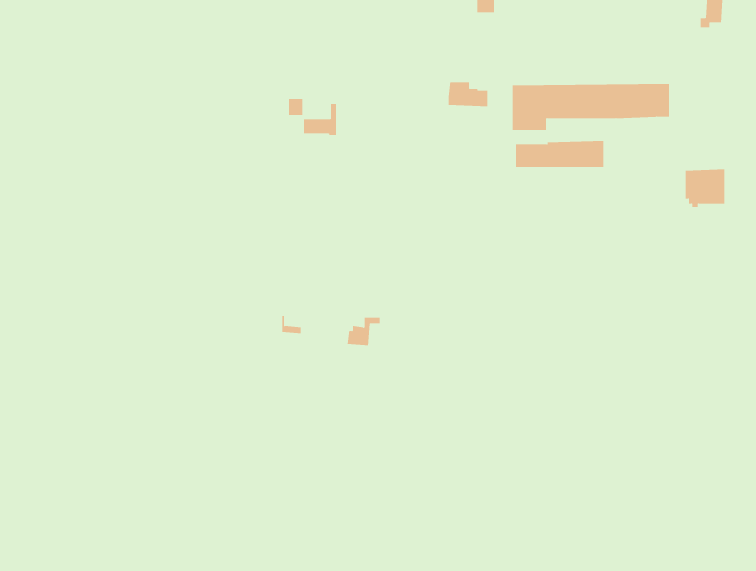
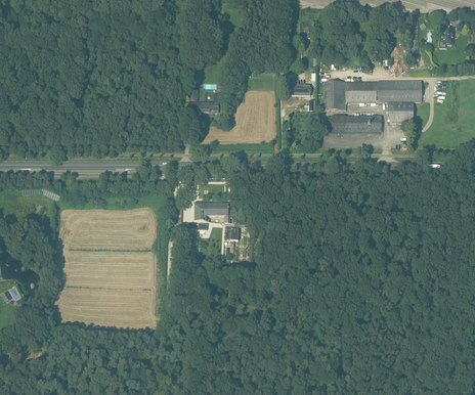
building: [685,169,725,207] -> [388,101,413,125]
building: none -> [195,202,230,222]

